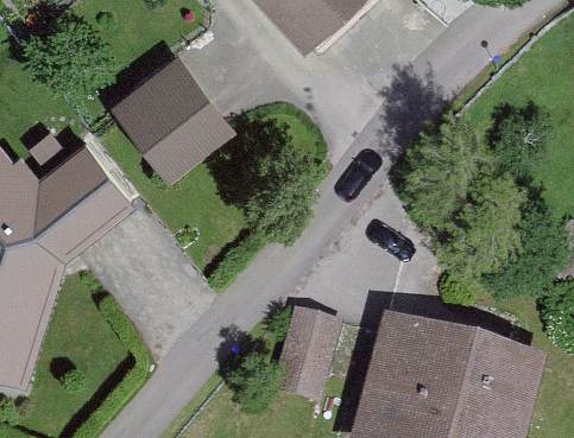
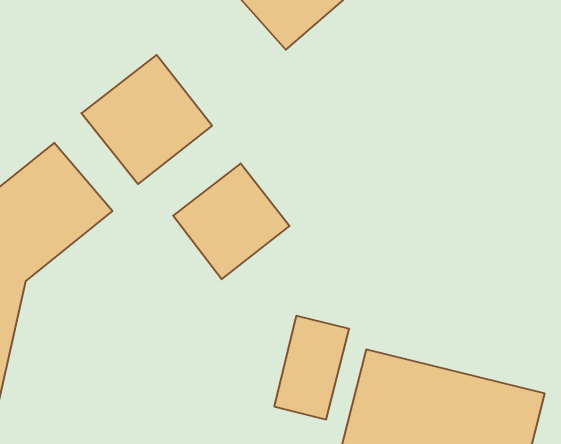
building: none -> [173,163,290,279]

